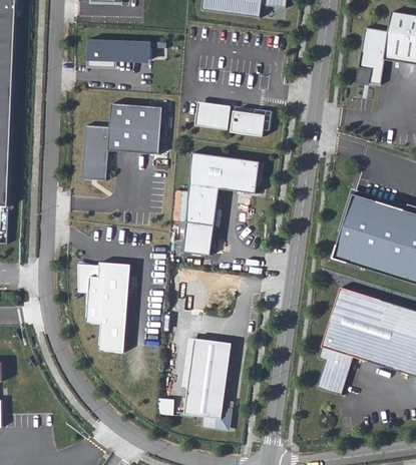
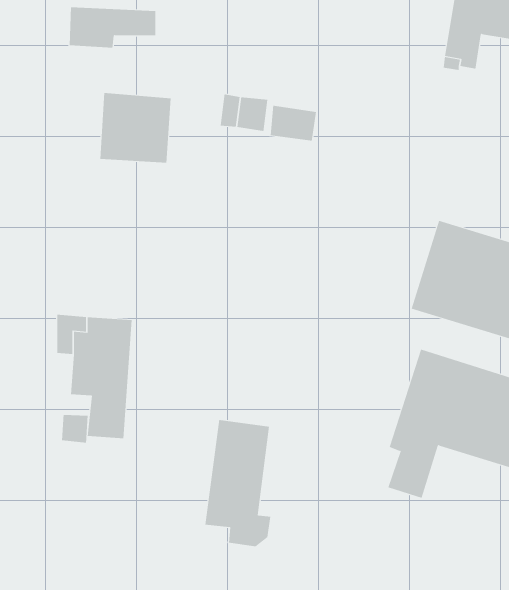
building: [81,123,108,177] -> none
building: [186,152,265,257] -> none
building: none -> [61,414,88,443]

